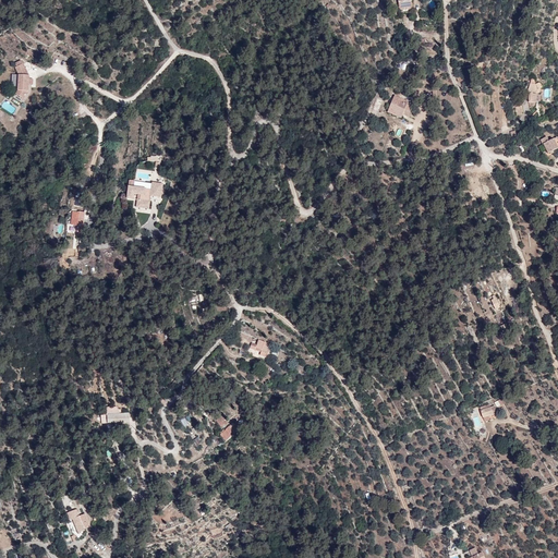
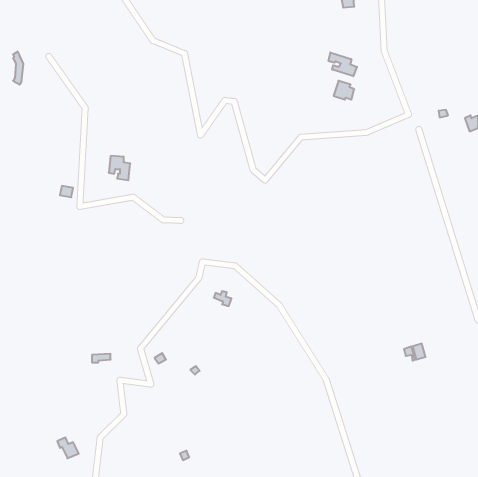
building: none -> [328,52,357,76]

